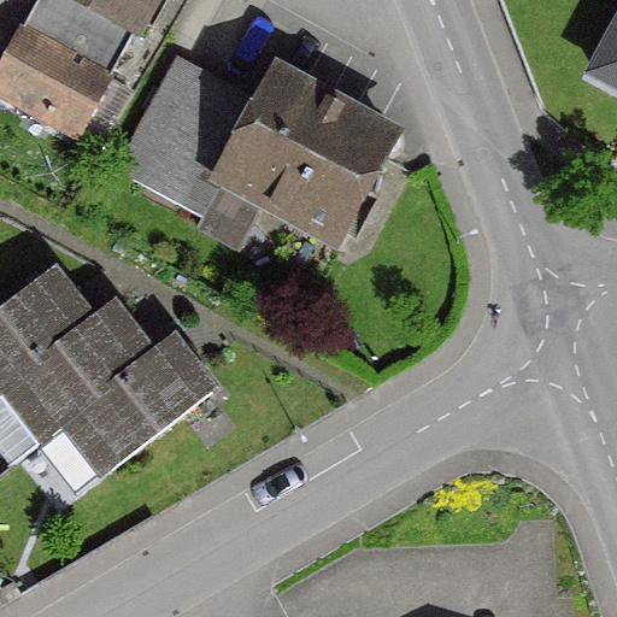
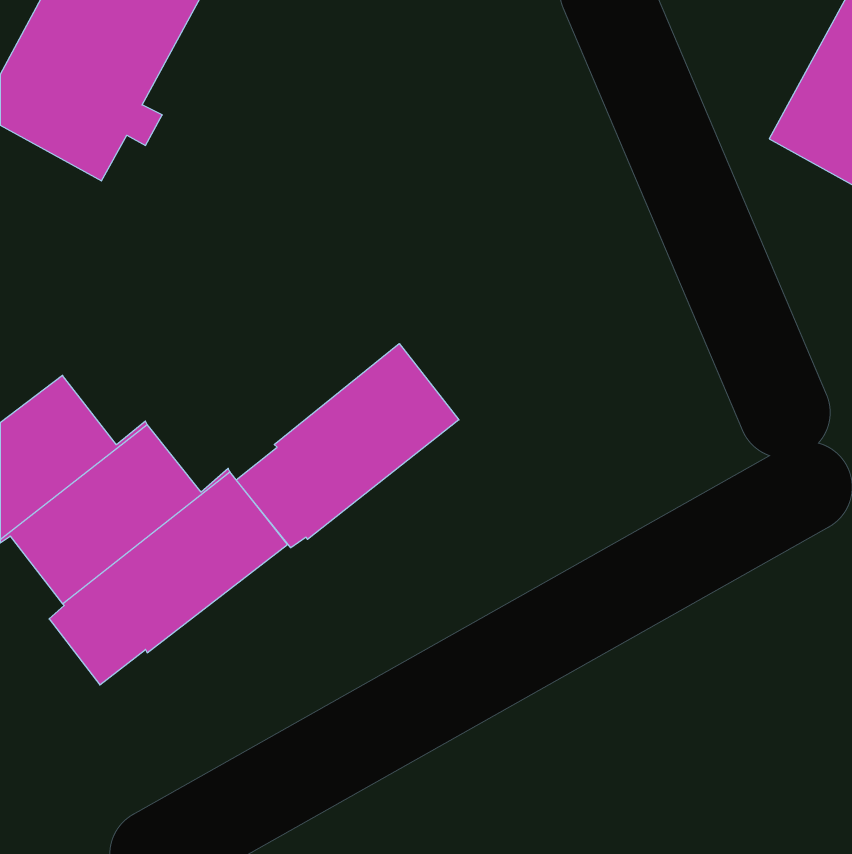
building: [122,58,395,237] -> none
building: none -> [236,344,459,548]

